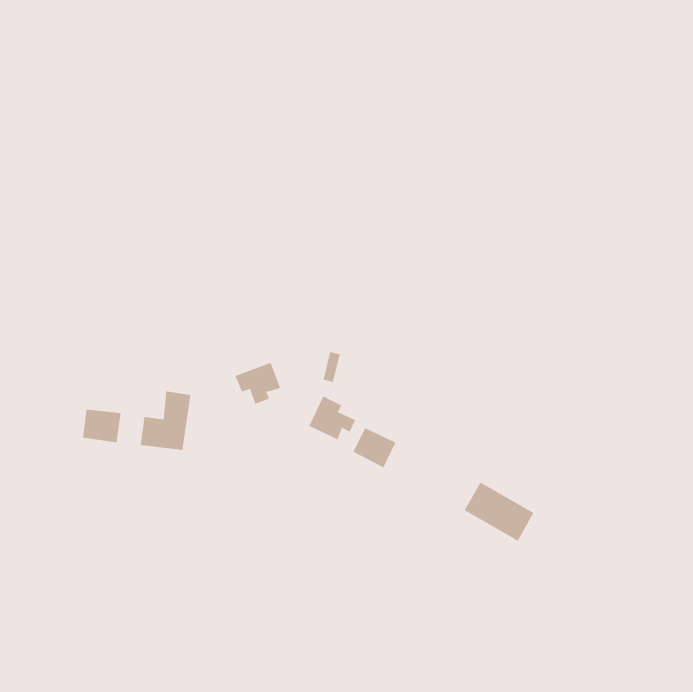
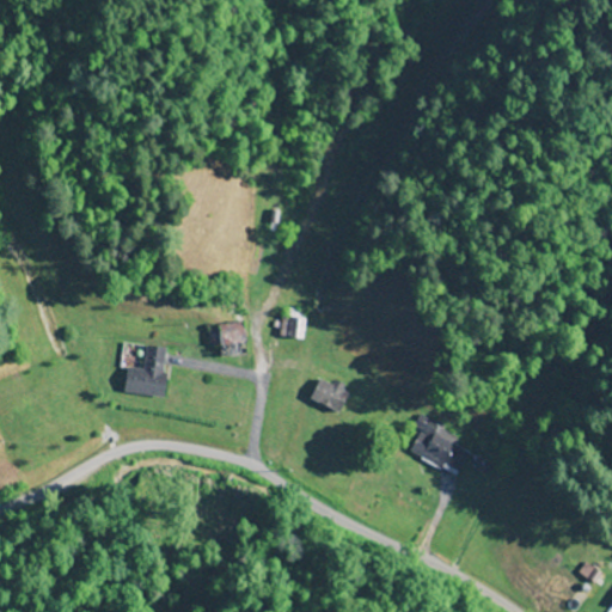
building: [309,396,356,440] -> none
building: [82,409,121,443] -> none

